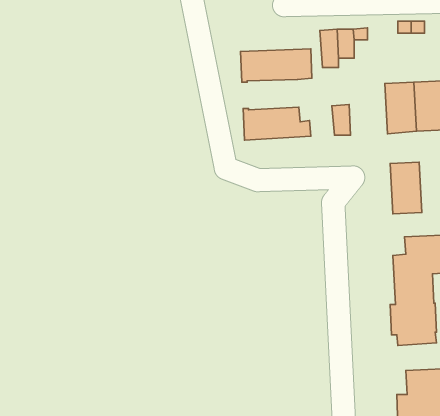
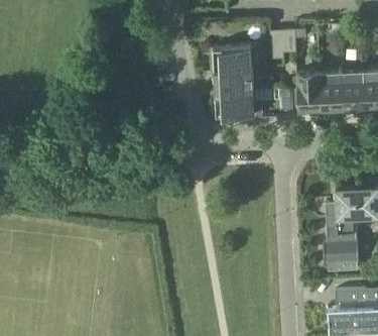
building: none -> [215,69,254,92]
building: [390,162,422,214] -> [297,72,322,111]

